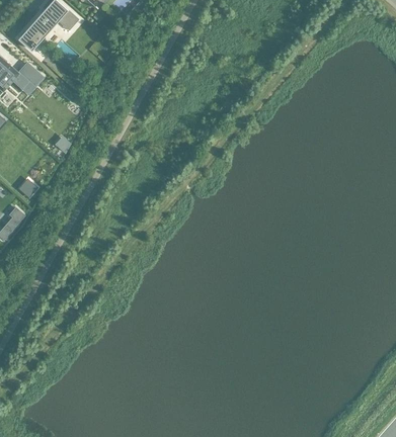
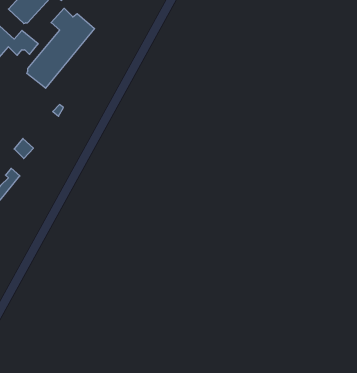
building: none -> [27,8,95,88]

